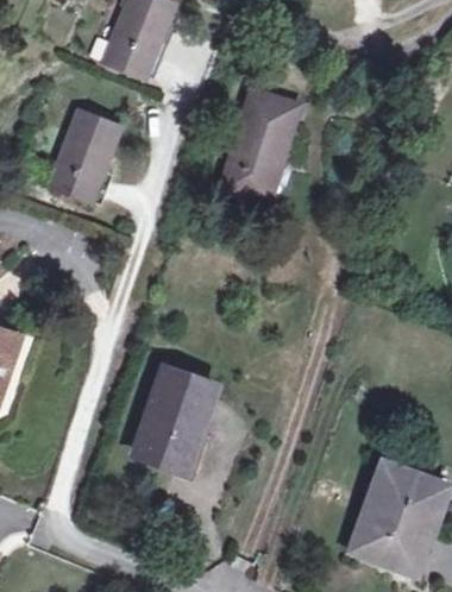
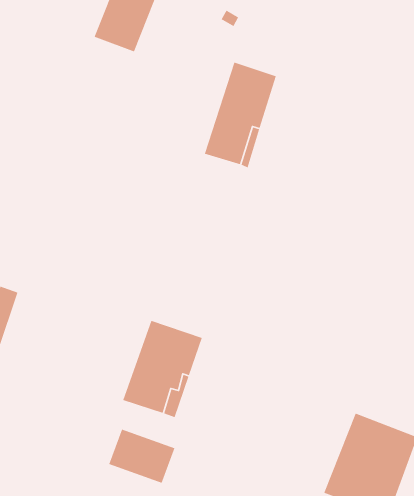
building: [49,108,123,201] -> none
building: none -> [108,428,176,484]

